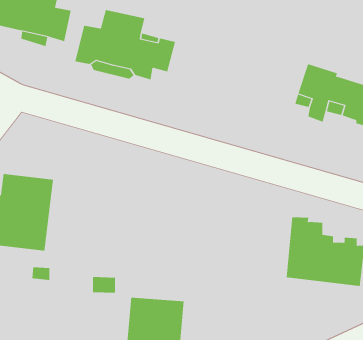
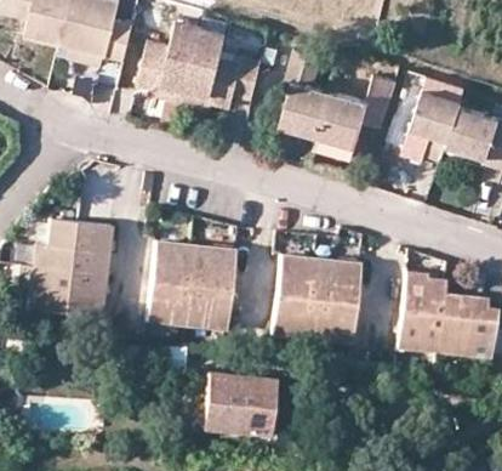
building: none -> [280,47,398,144]
building: none -> [146,242,233,331]
building: none -> [273,255,359,344]

